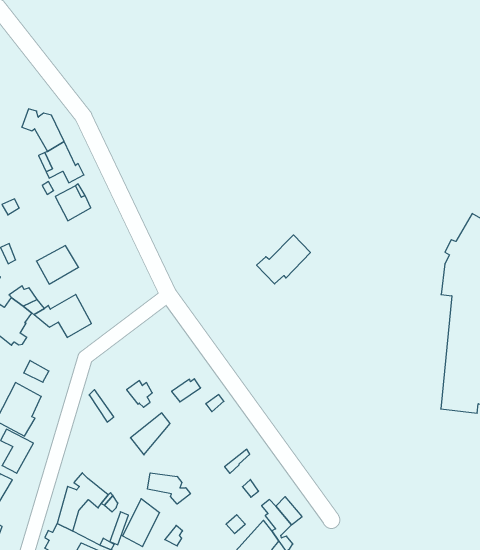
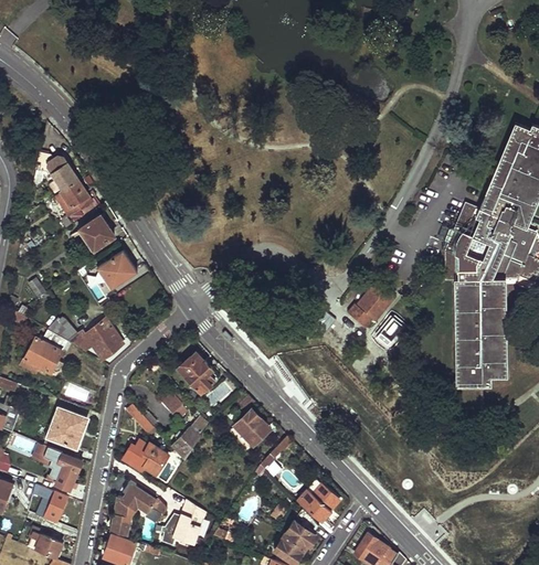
building: [257,235,310,284] -> [346,281,394,329]
building: [36,246,79,284] -> [96,250,136,288]
building: none -> [182,358,214,394]
building: none -> [234,409,271,446]
building: none -> [123,439,166,473]
building: [148,473,190,504] -> none

